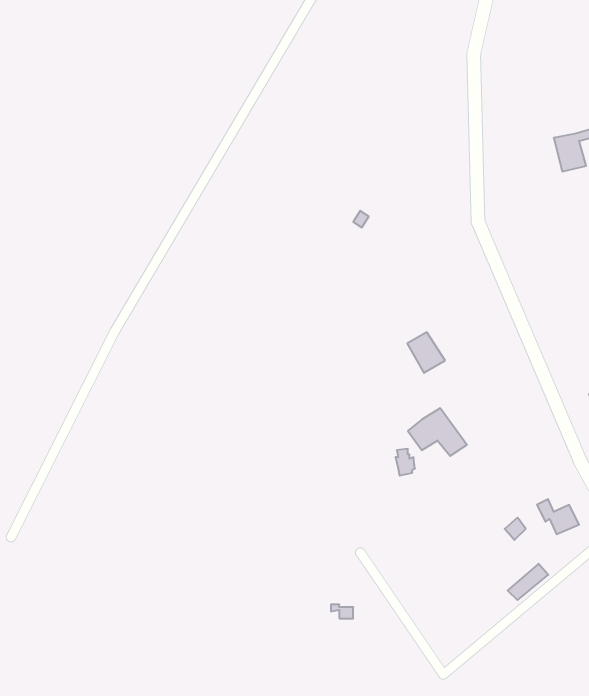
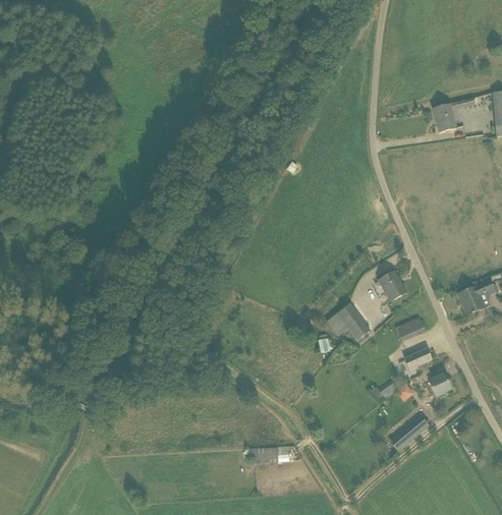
building: [407,332,445,373] -> [379,271,406,300]
building: none -> [395,316,425,340]
building: none -> [404,347,432,374]

